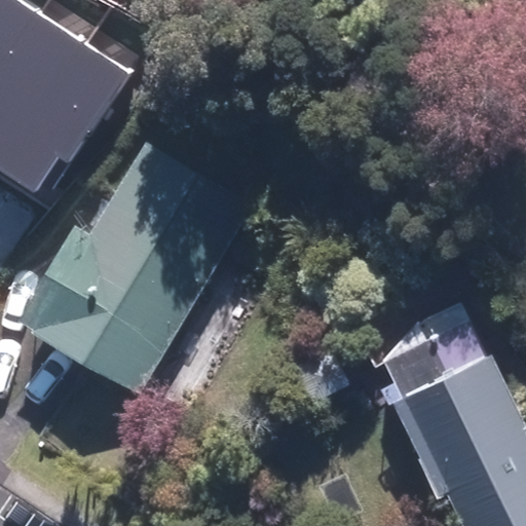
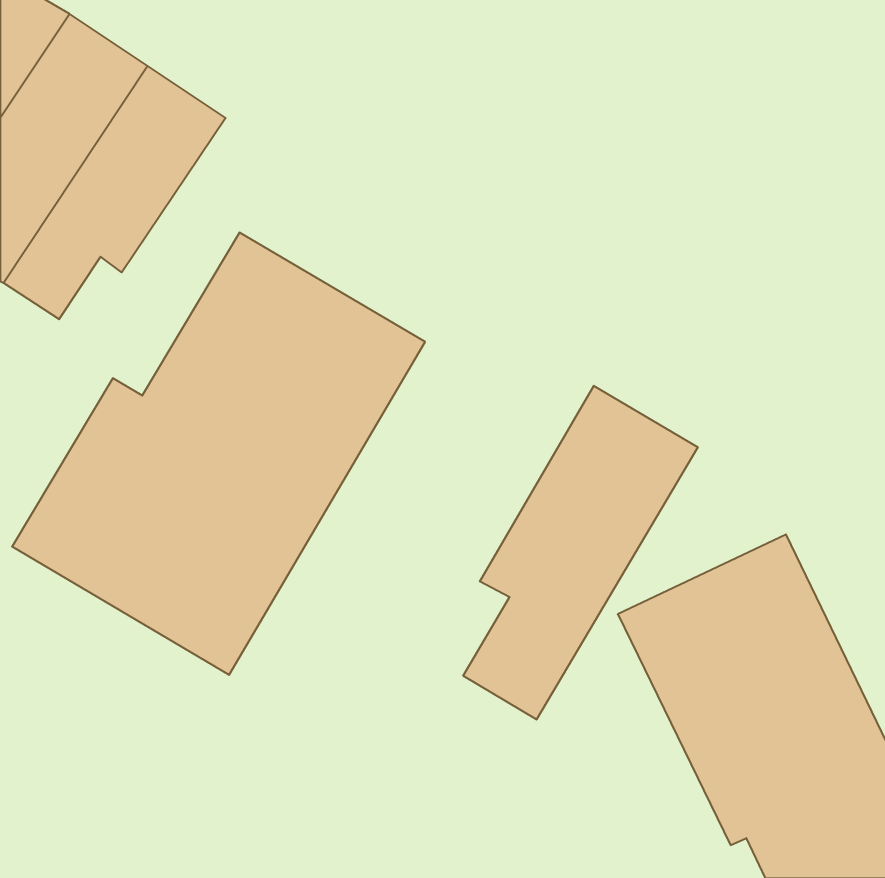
building: none -> [463,386,698,720]

